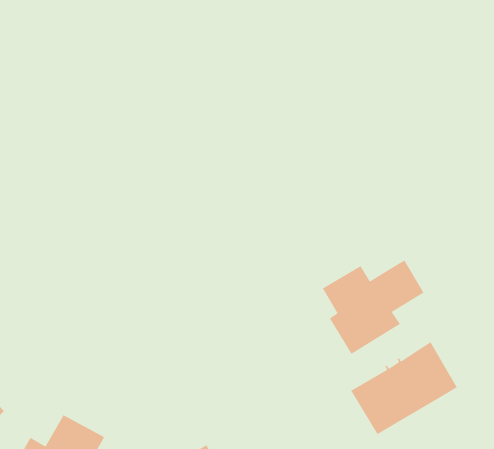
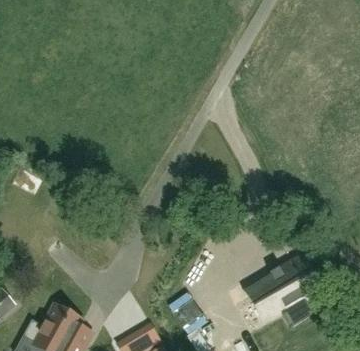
building: [322,259,424,355] -> none

